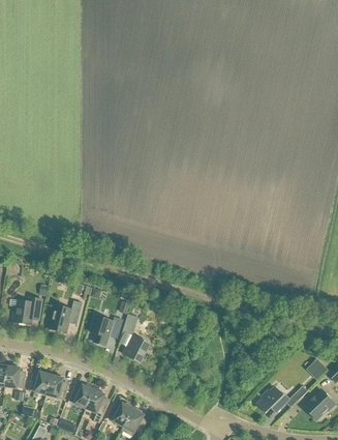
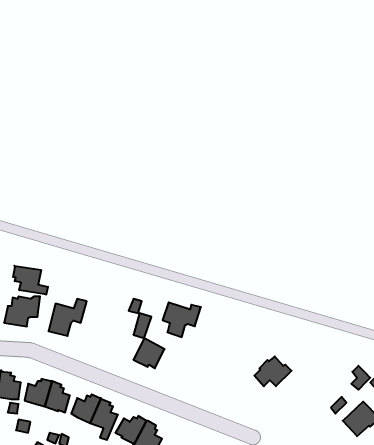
building: none -> [13,266,48,295]
building: [89,315,122,345] -> [163,302,201,337]
building: [256,386,288,412] -> [254,356,292,386]

